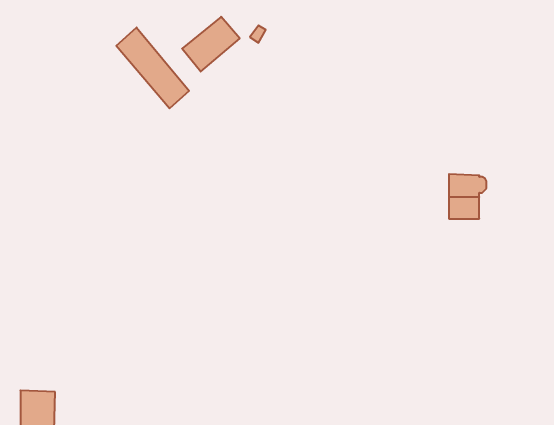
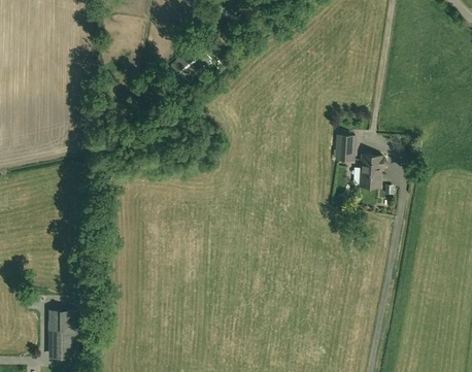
building: [116,27,189,108] -> none
building: none -> [335,134,356,160]

